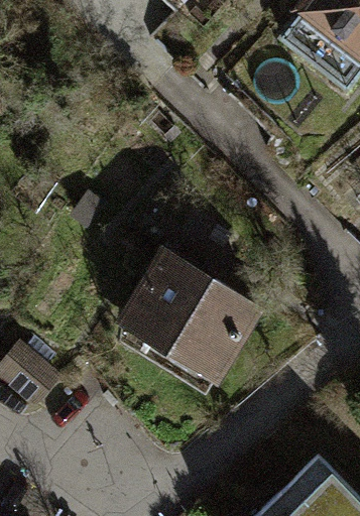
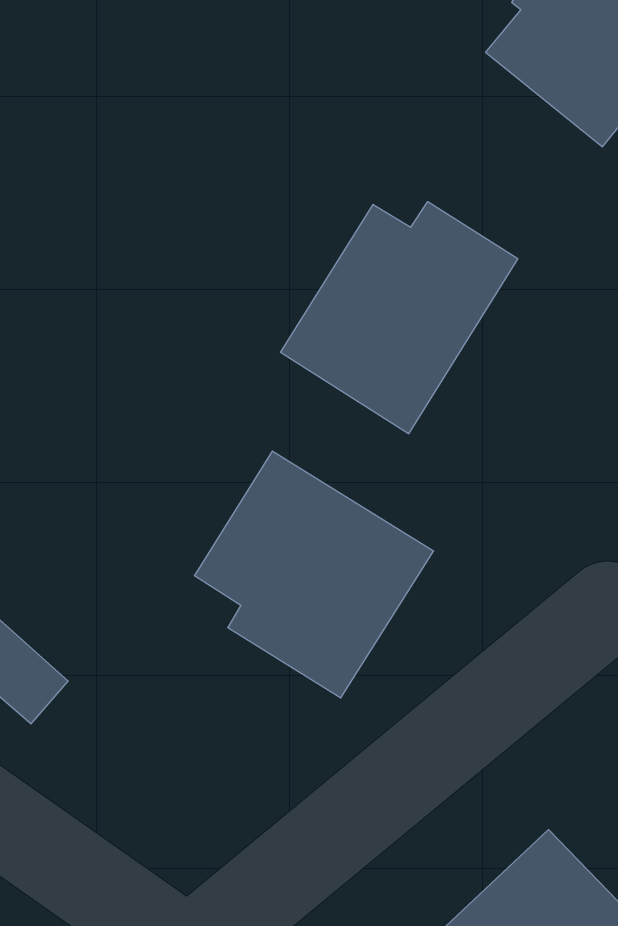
building: none -> [281,202,518,434]

